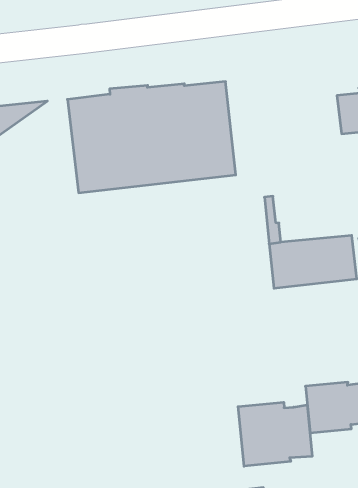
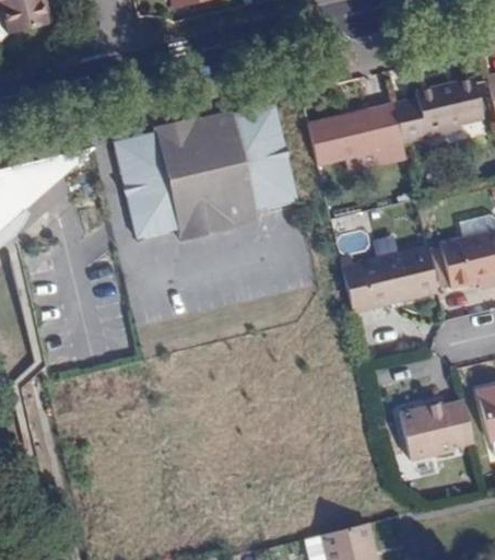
building: none -> [308,103,403,165]
building: [238,402,312,466] -> none

